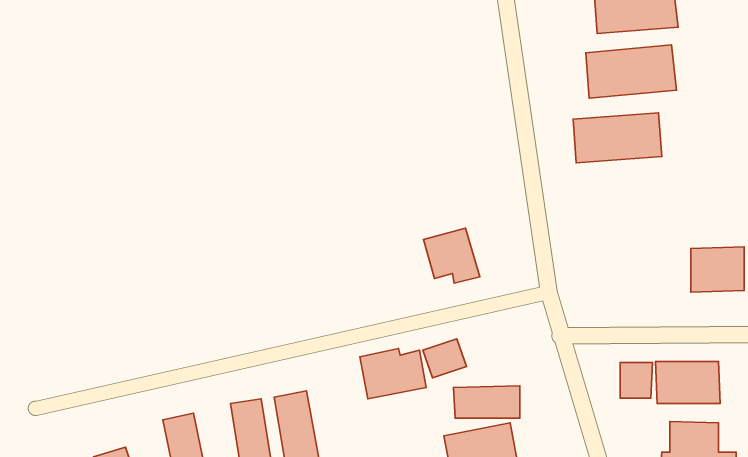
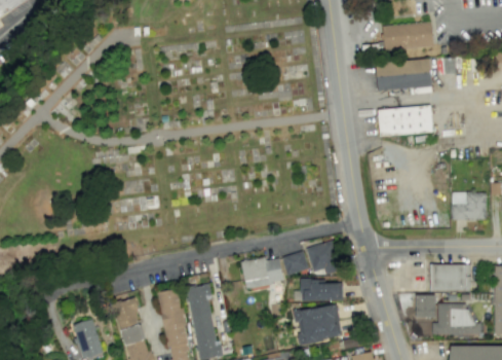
building: [423,228,480,283] -> [306,240,342,275]
building: [620,363,652,398] -> [416,295,436,318]

